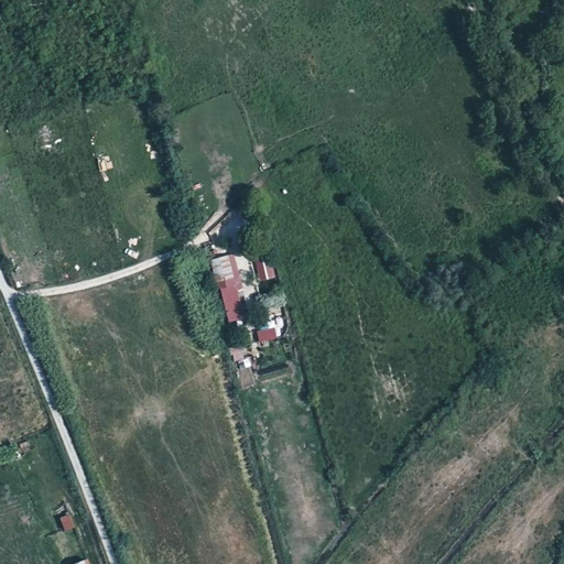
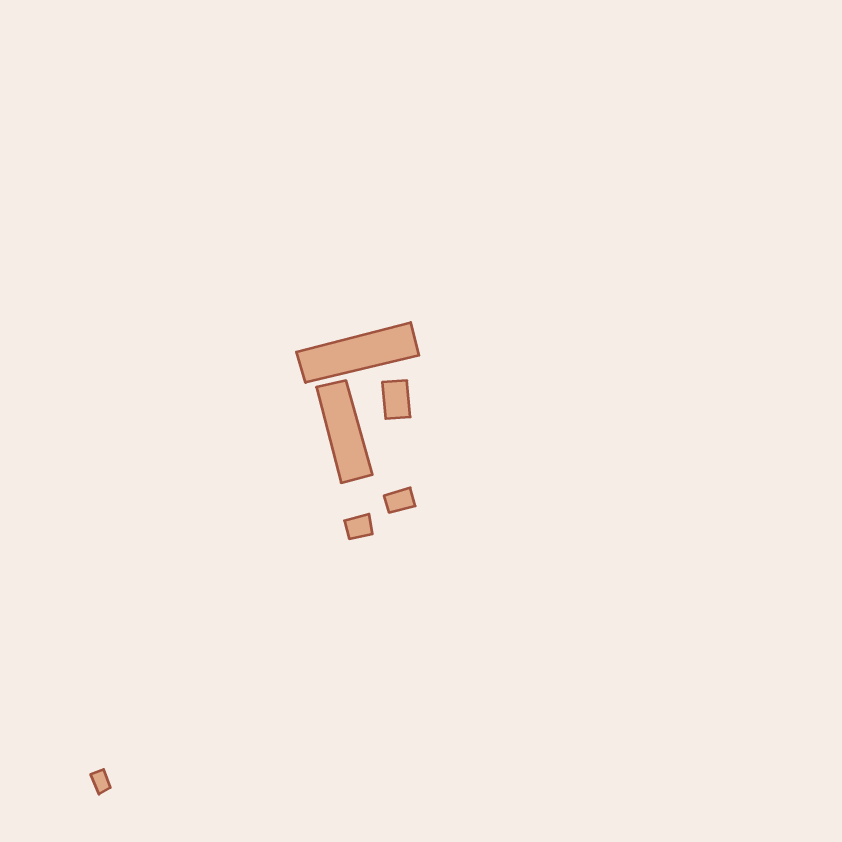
building: none -> [296,322,419,383]

